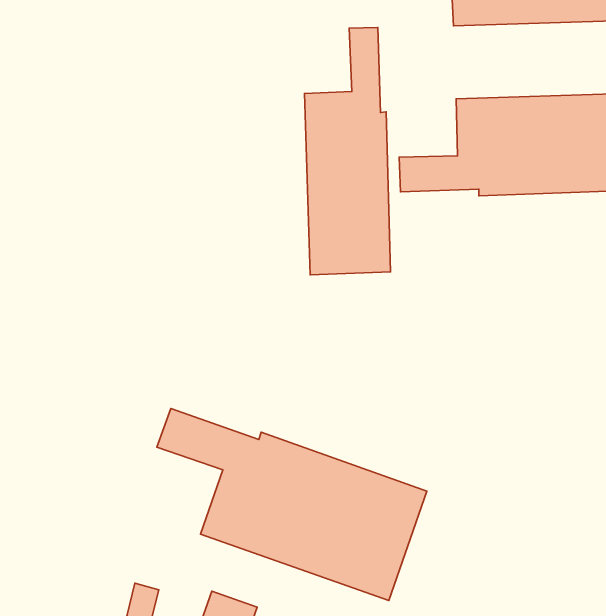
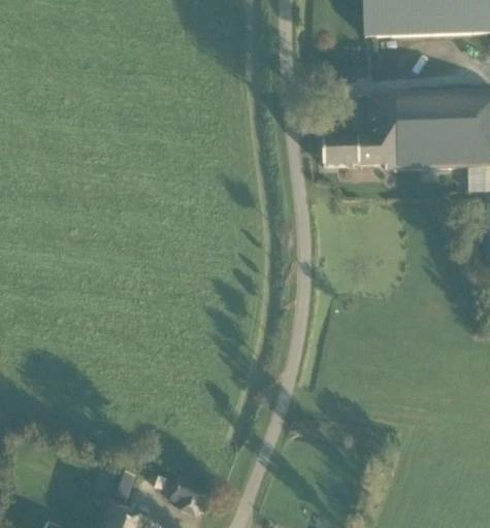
building: [304,27,391,275] -> none
building: [157,408,427,600] -> none

